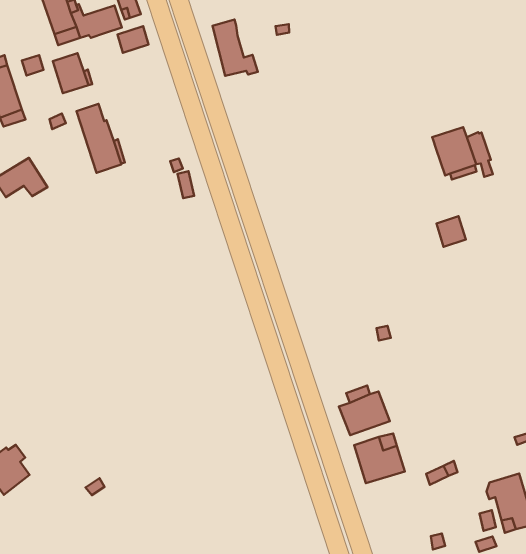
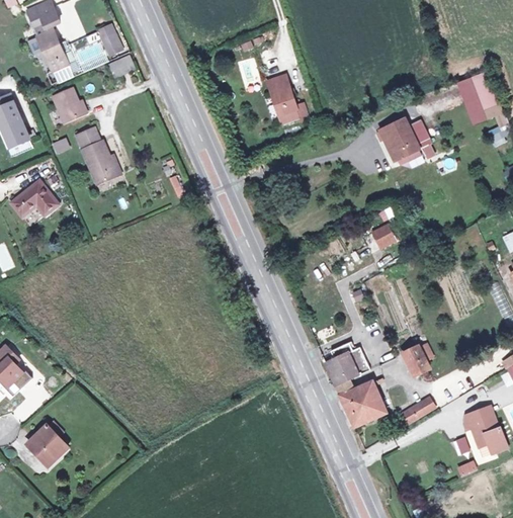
building: [212,20,258,76] -> [266,74,309,122]
building: [436,216,466,247] -> [368,225,395,252]
building: none -> [402,344,431,377]

